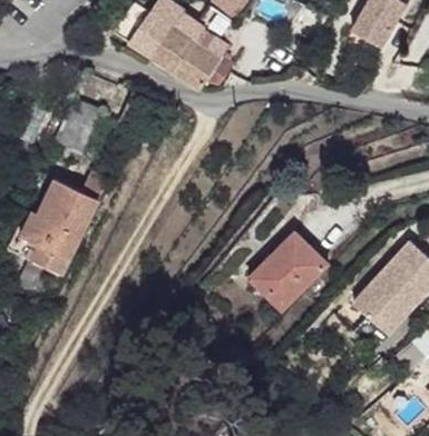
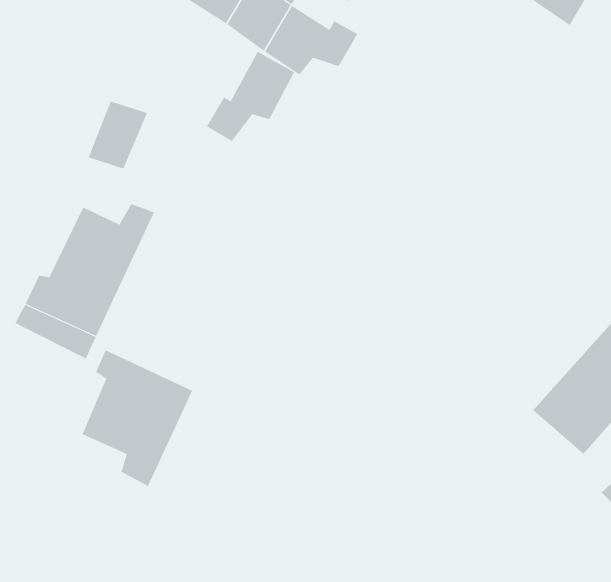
building: none -> [206,51,295,142]
building: [260,235,344,319] -> none
building: none -> [82,350,193,487]

